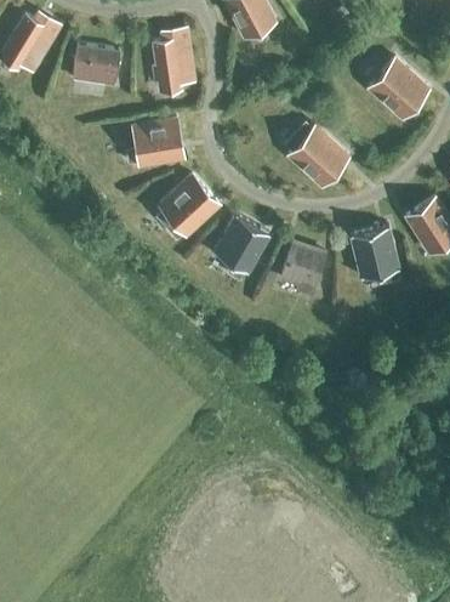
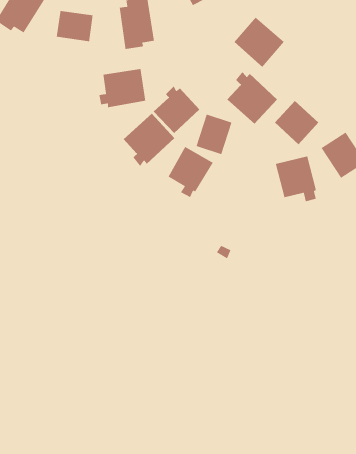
building: [366,56,431,120] -> [233,16,285,68]
building: none -> [153,85,200,134]
building: none -> [274,100,319,145]
building: [280,244,326,296] -> [196,114,232,155]

